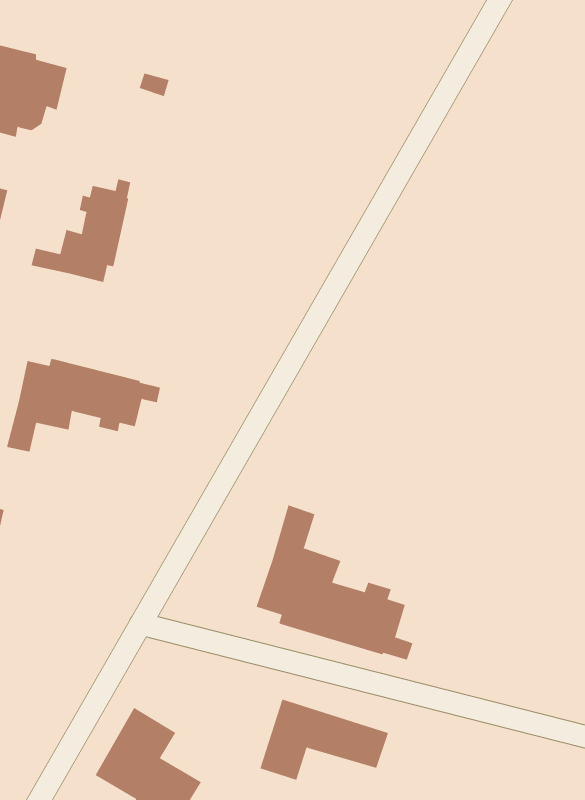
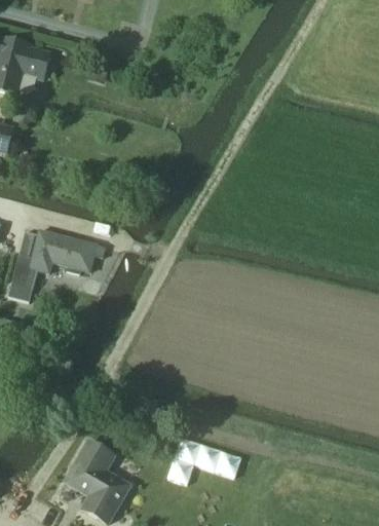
building: [31,179,131,283] -> none
building: [256,505,413,661] -> none

